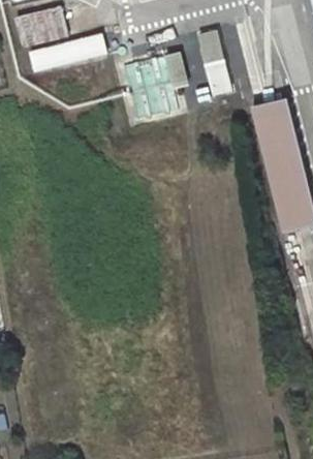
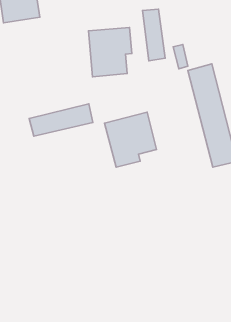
building: [27,30,108,71] -> [29,104,93,136]
building: none -> [105,112,156,167]

